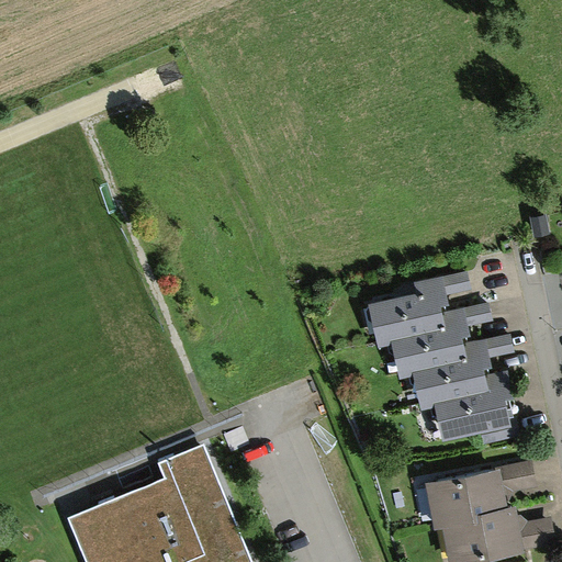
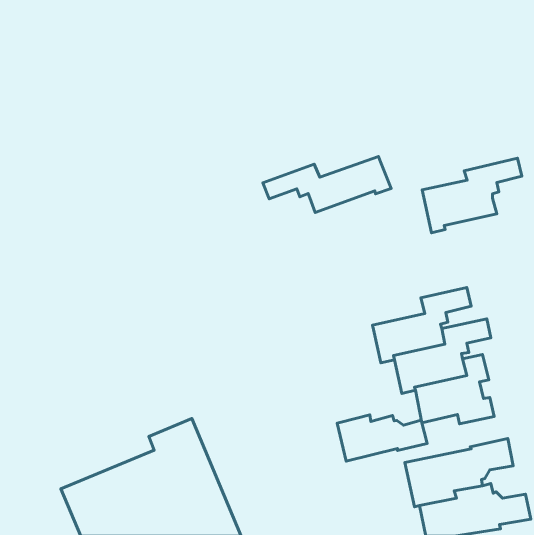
building: none -> [263,156,391,212]
building: [367,271,471,349] -> [422,158,522,233]
building: none -> [337,415,427,461]

